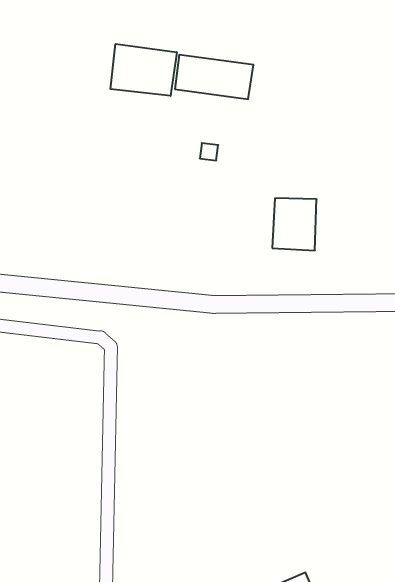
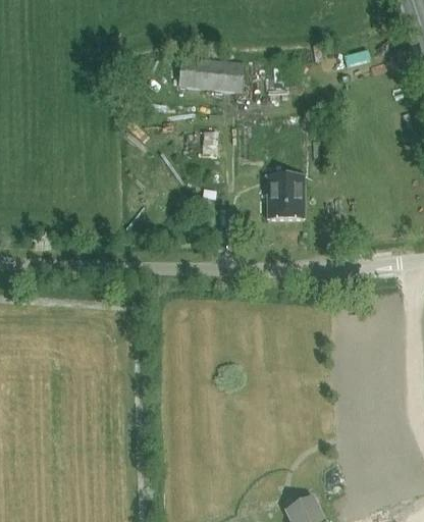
building: [111,44,177,96] -> none

